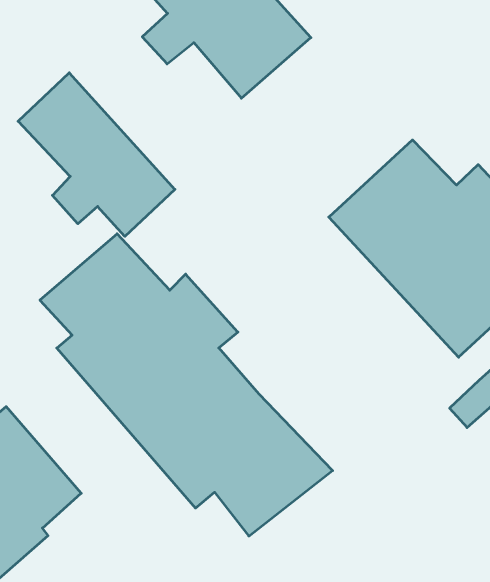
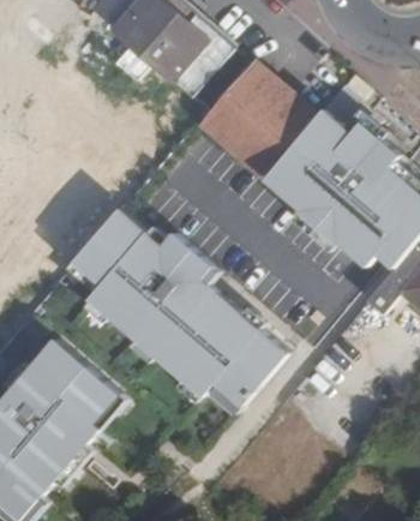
building: none -> [206,65,316,174]
building: [18,73,175,236] -> none

